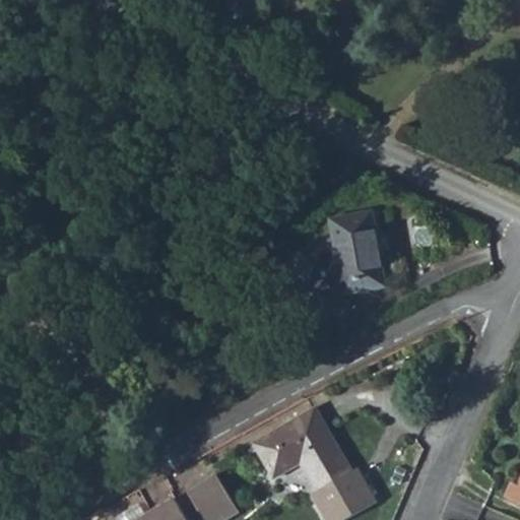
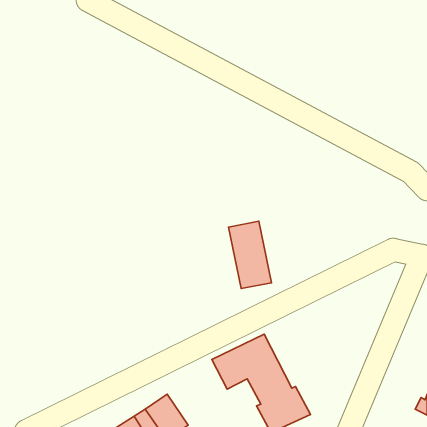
building: [338,213,390,295] -> [229,221,272,289]

